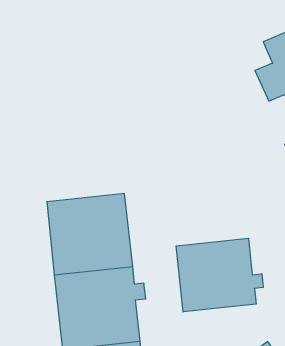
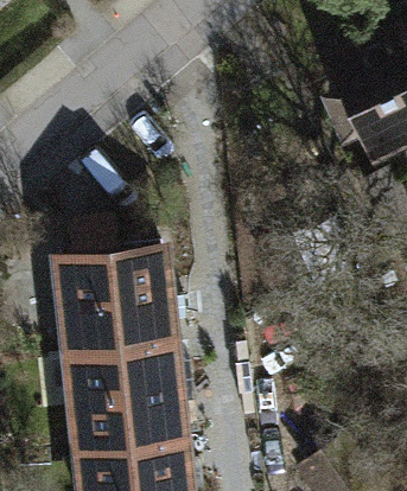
building: [176,238,263,312] -> none

